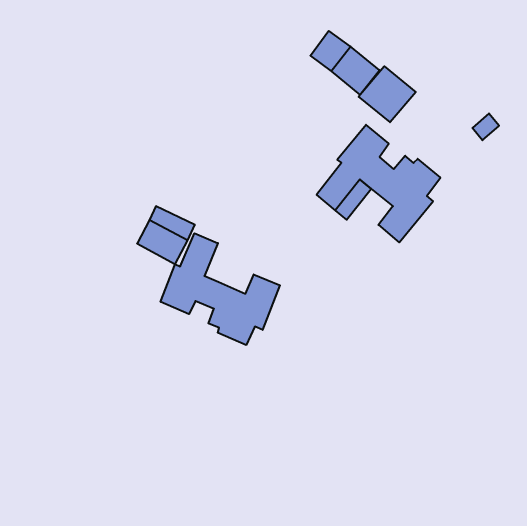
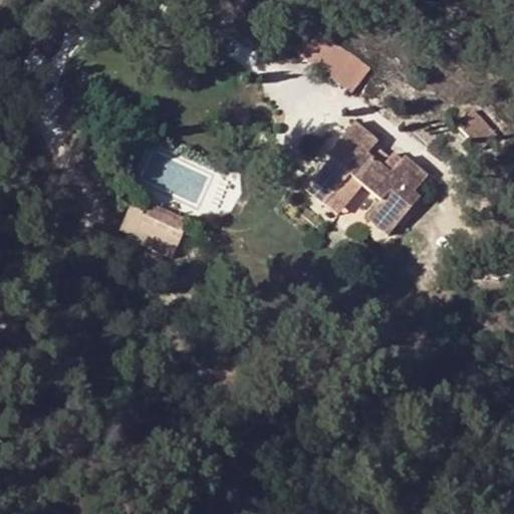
building: [359,66,416,122] -> none
building: [161,233,280,345] -> none

